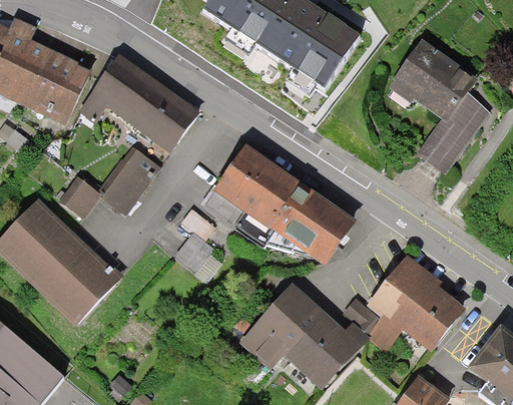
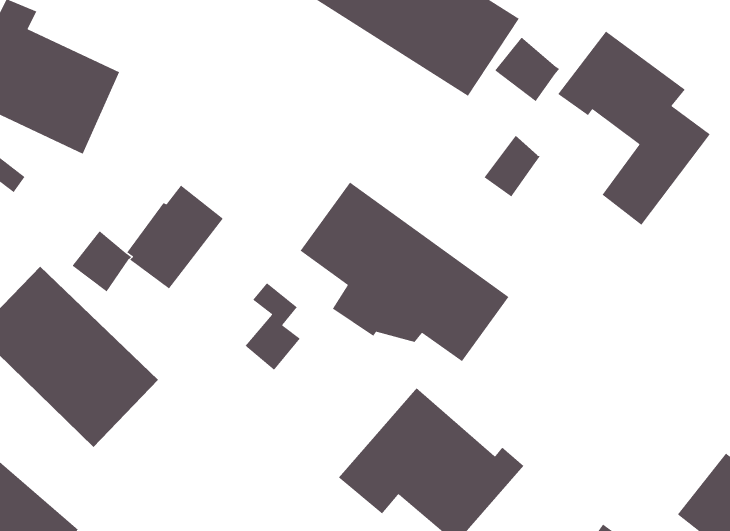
building: none -> [494,37,560,102]
building: [78,51,200,151] -> none
building: none -> [484,135,541,198]
building: [342,254,463,352] -> none

